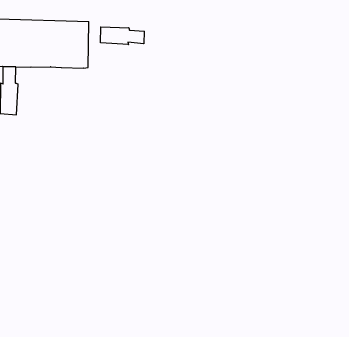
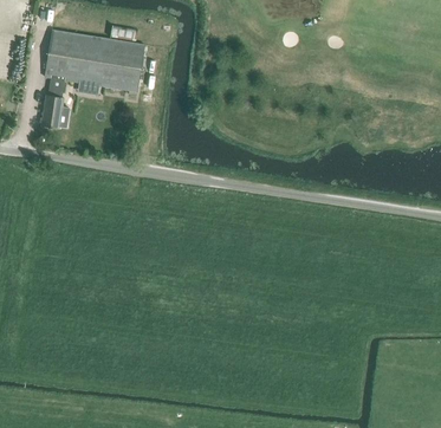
building: [101,27,144,45] -> none

